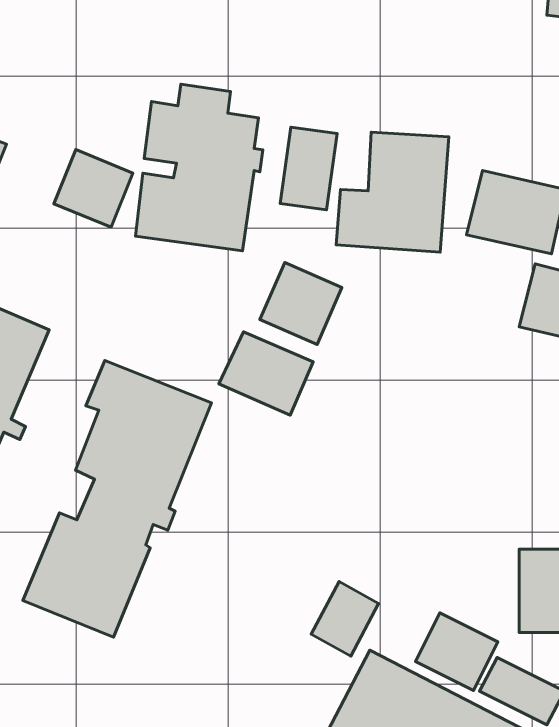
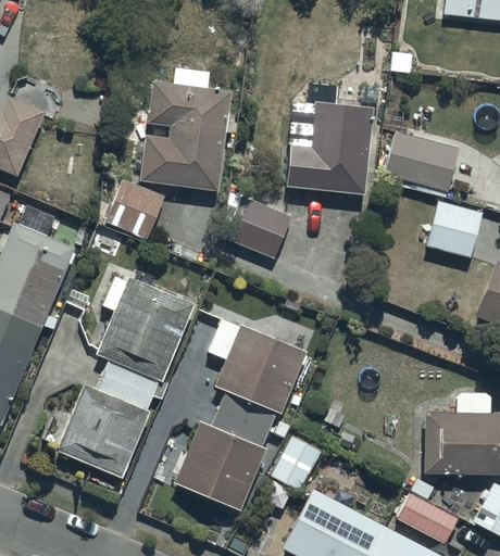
building: [280,127,337,210] -> none
building: [54,150,133,227] -> [105,180,164,238]
building: [219,332,313,415] -> none
building: none -> [173,326,305,511]
building: [415,613,498,690] -> none

